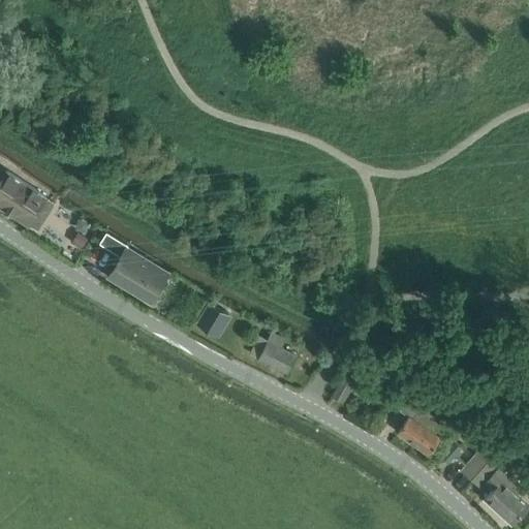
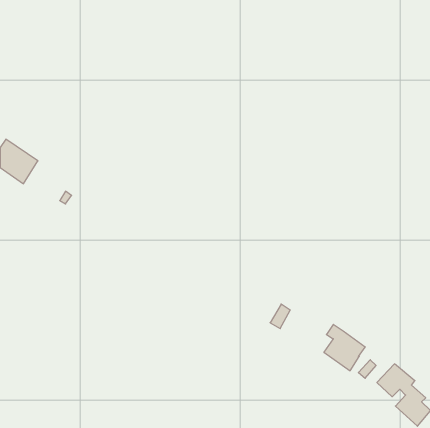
building: [100,235,168,305] -> none
building: [197,306,228,338] -> none
building: [258,336,297,376] -> none

